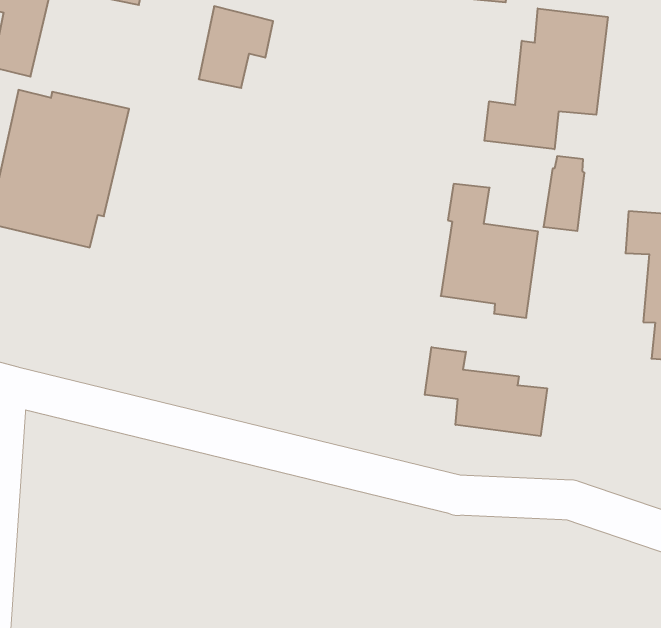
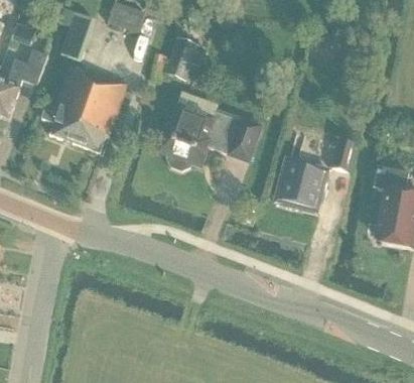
building: [484,8,608,149] -> none
building: none -> [157,102,261,169]
building: [425,347,547,436] -> none

